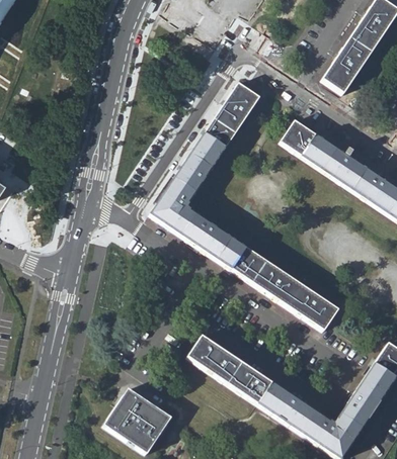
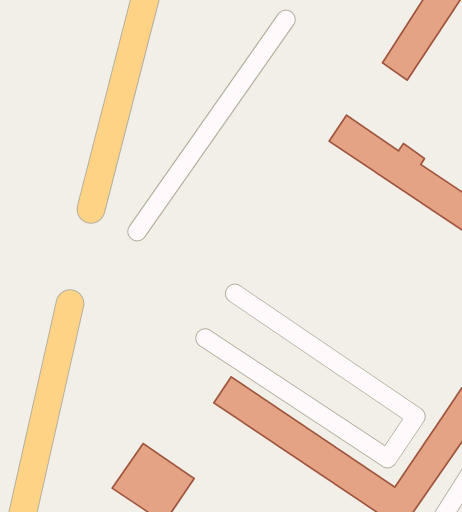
building: [150,82,340,331] -> none

